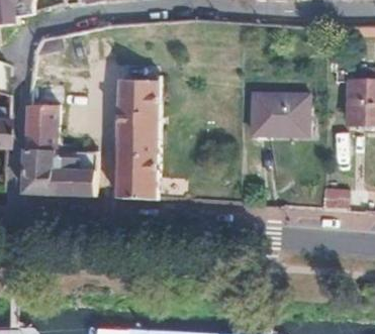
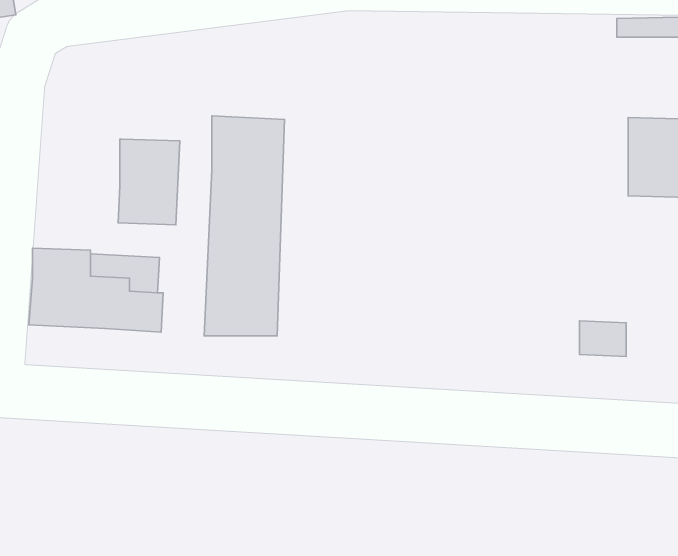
building: [254,95,310,137] -> none
building: [23,104,57,150] -> [118,139,180,225]

